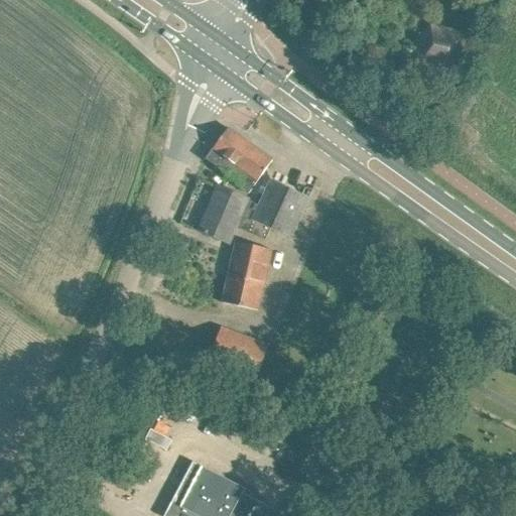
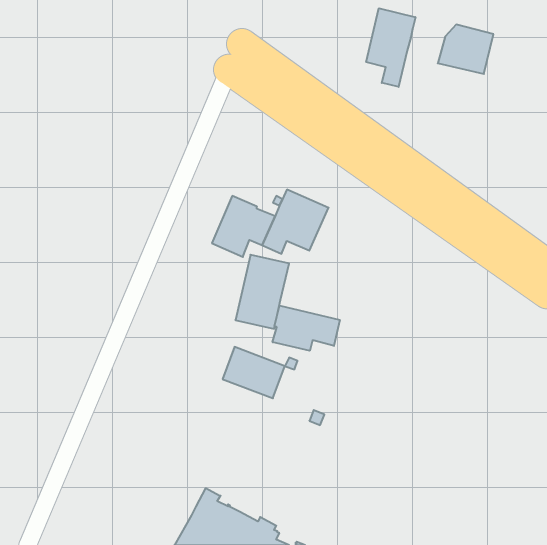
building: none -> [366,8,415,87]
building: [206,126,273,191] -> none
building: none -> [273,306,340,351]

